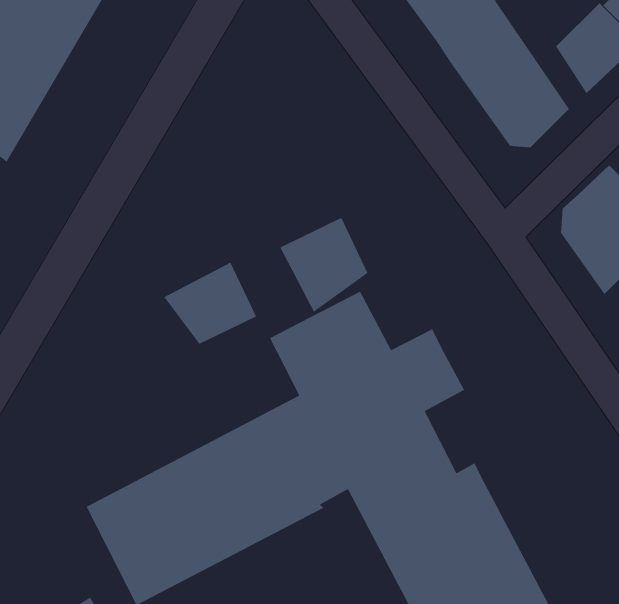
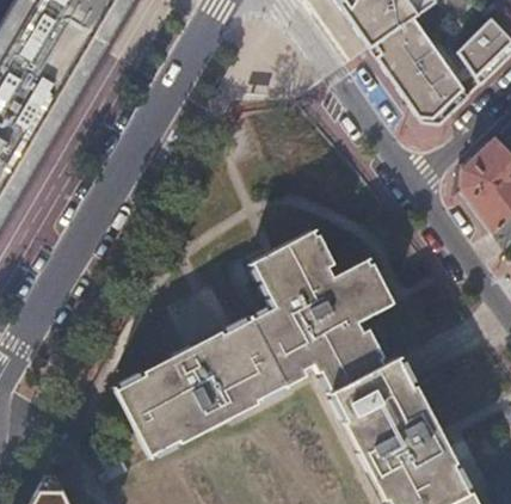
building: [279,217,369,313] -> none
building: [163,262,257,345] -> none

